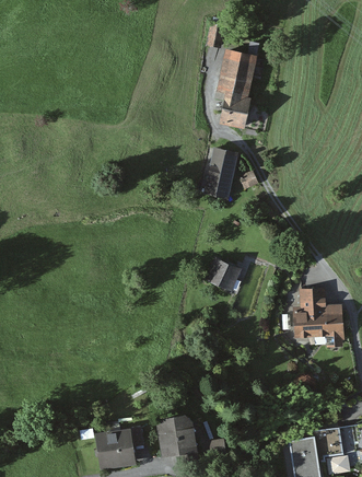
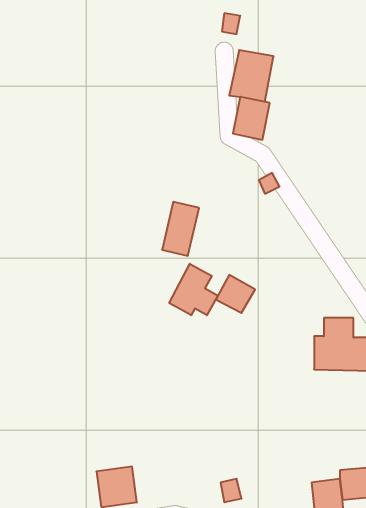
building: [205,158,237,206] -> [162,202,199,256]
building: none -> [169,264,218,315]
building: [157,415,197,454] -> none

